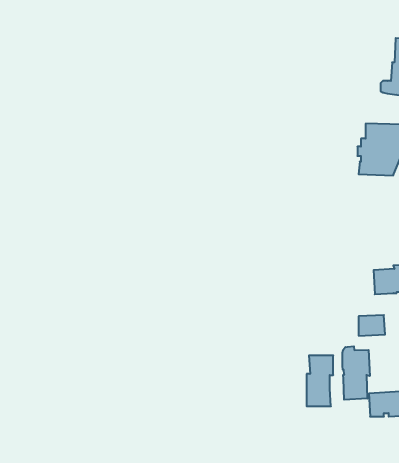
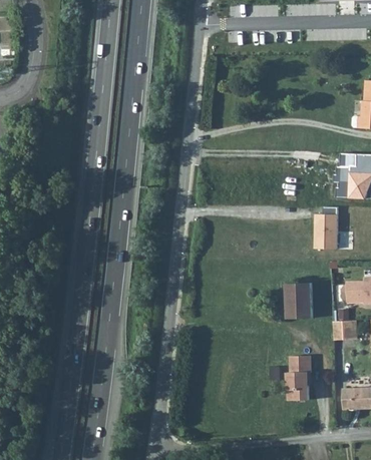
building: none -> [312,207,338,251]
building: none -> [286,283,312,319]
building: [342,346,370,400] -> none

